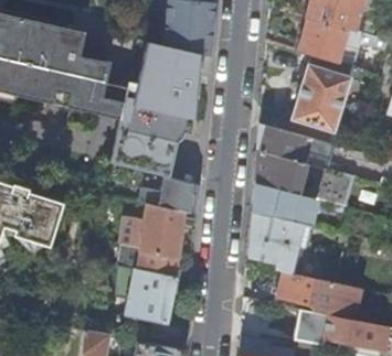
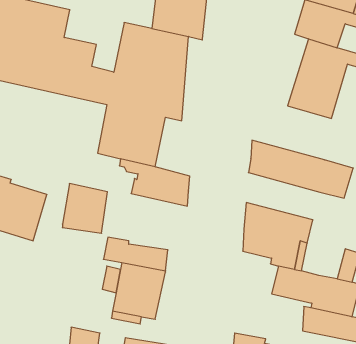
building: [258,123,336,170] -> none
building: [253,182,324,227] -> none
building: [140,208,183,256] -> [62,184,107,233]

